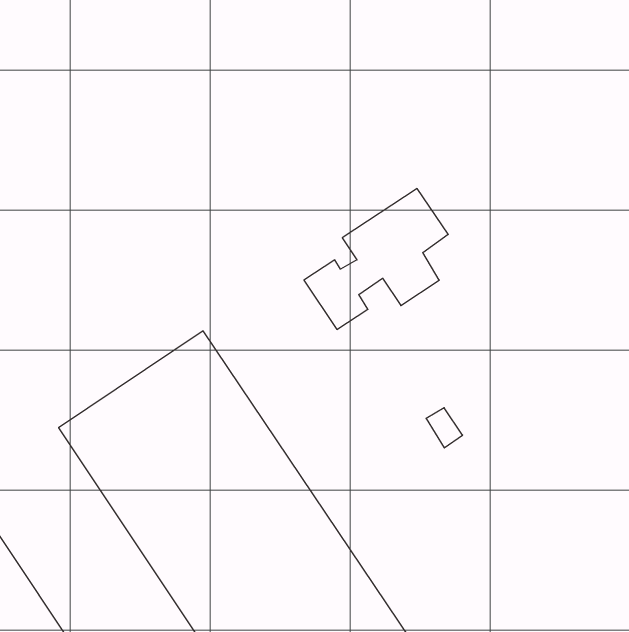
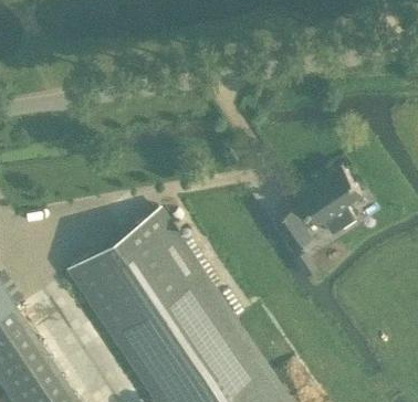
building: [304,189,448,329] -> [273,169,360,254]

